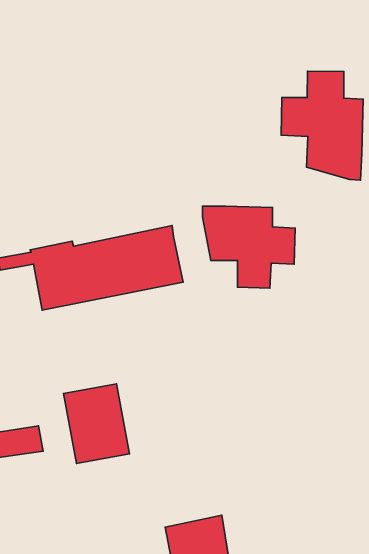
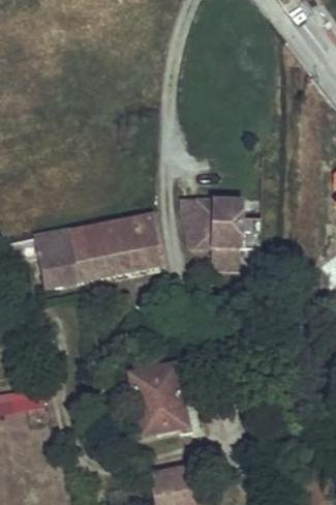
building: [281,71,363,180] -> none
building: [63,384,130,463] -> [129,365,186,434]

